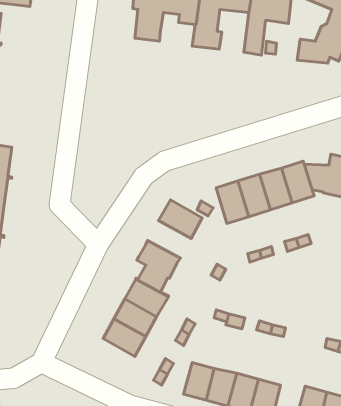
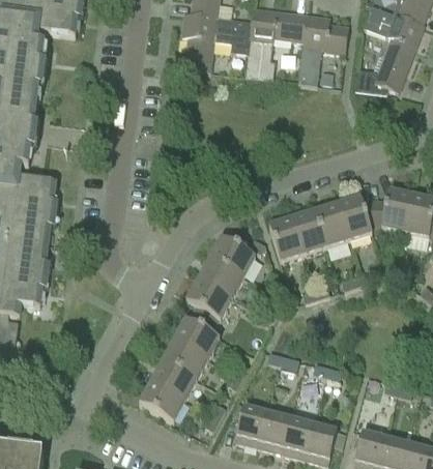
building: none -> [198,257,243,296]
building: none -> [139,380,184,419]

